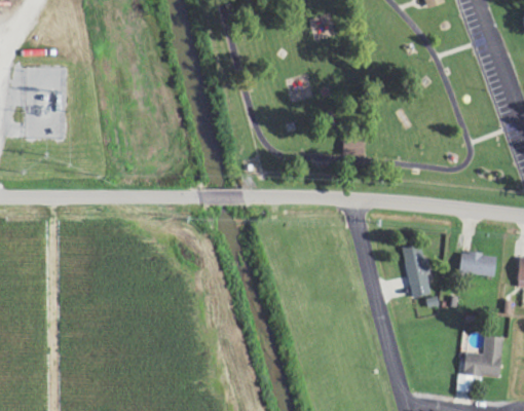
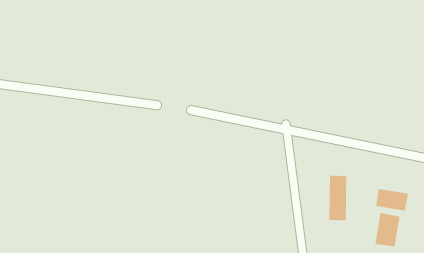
building: none -> [375,212,400,247]

